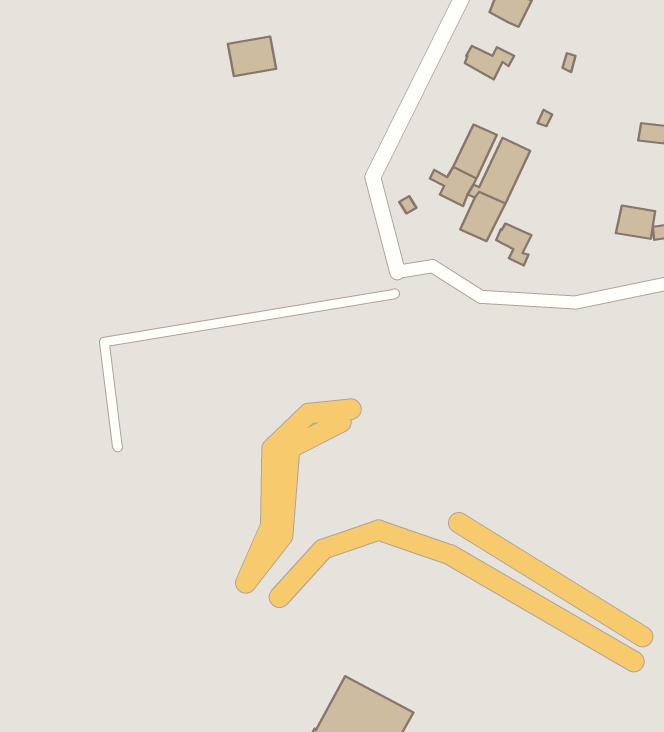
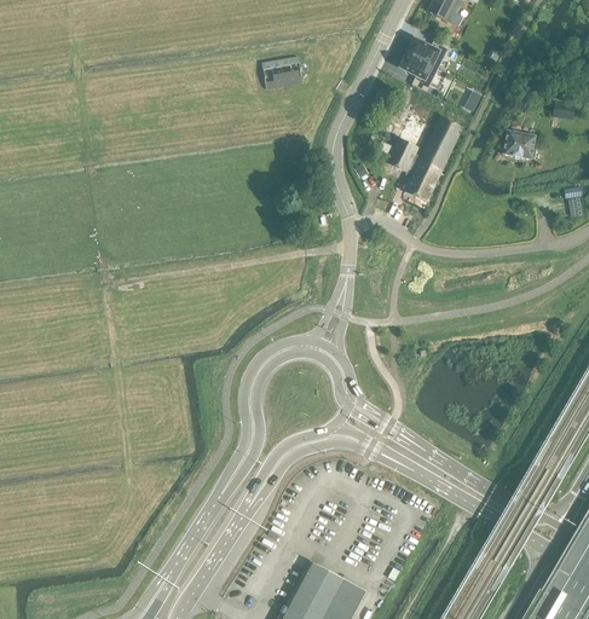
building: [228,37,276,76] -> [262,58,302,91]
building: none -> [399,54,433,92]
building: [616,205,655,239] -> [503,132,536,160]
building: [496,223,531,266] -> none

